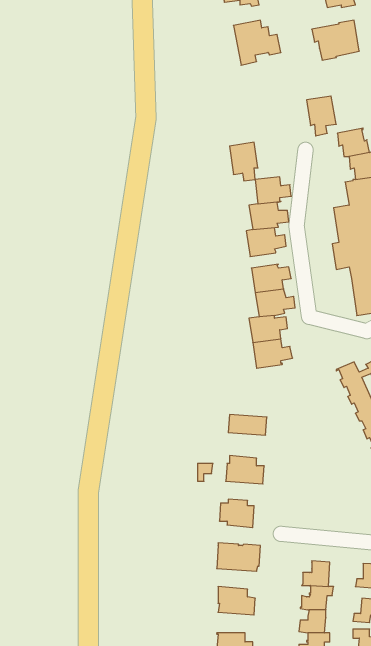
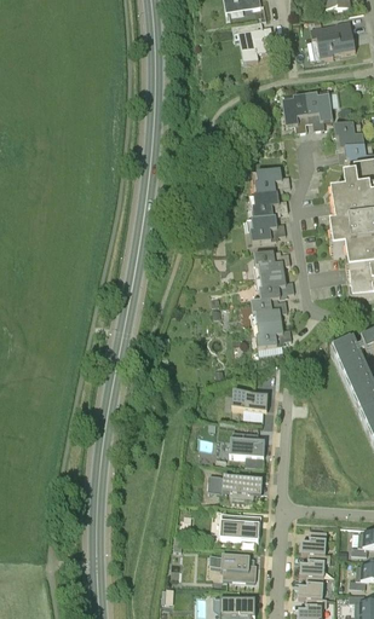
building: [230,142,258,181] -> [282,94,309,131]

